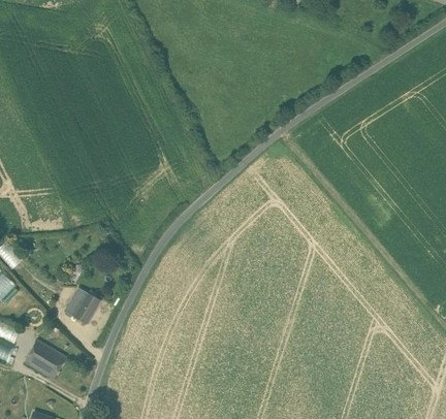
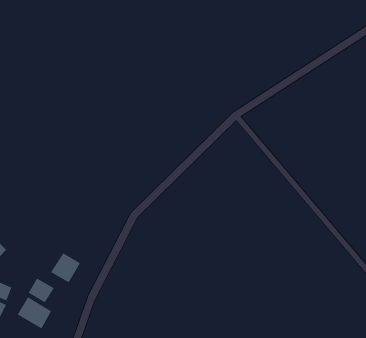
building: none -> [28,278,54,303]

